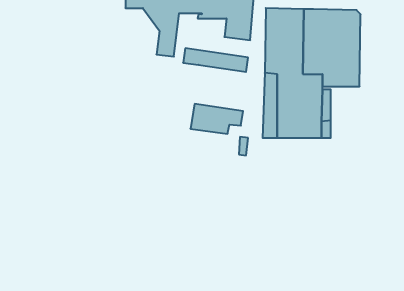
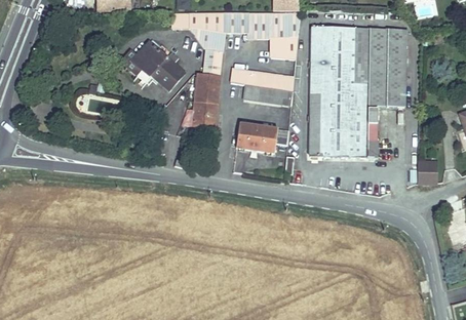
building: none -> [121,38,185,89]
building: none -> [192,73,221,127]
building: none -> [243,83,293,105]
building: none -> [417,159,437,184]

